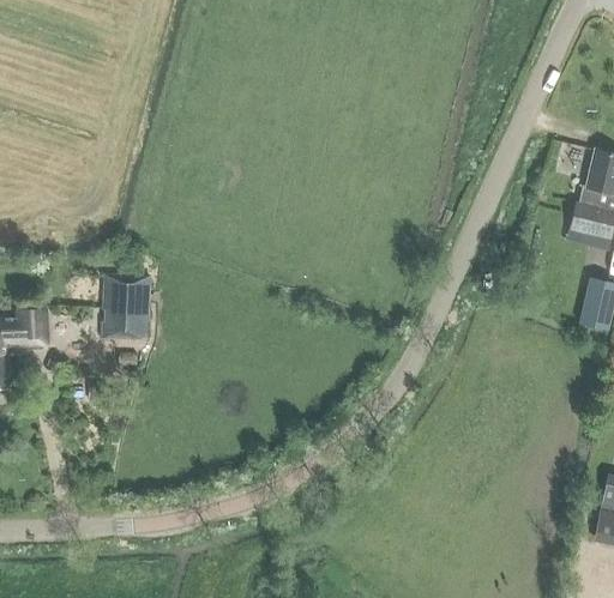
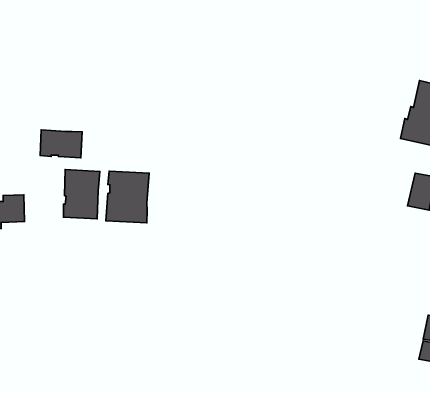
building: none -> [40,130,82,158]
building: none -> [106,171,149,223]

